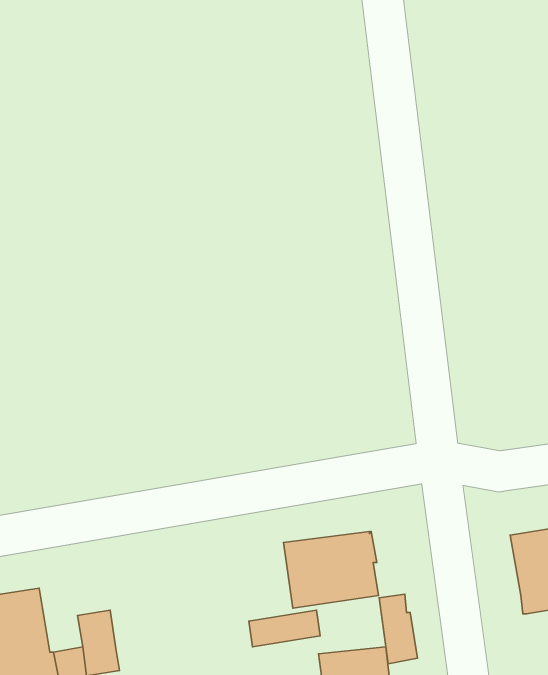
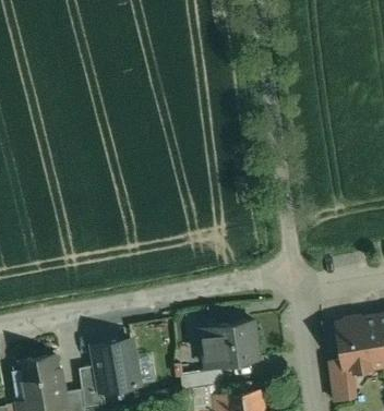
building: none -> [94,340,139,391]
building: [379,594,417,664] -> [328,360,351,401]

